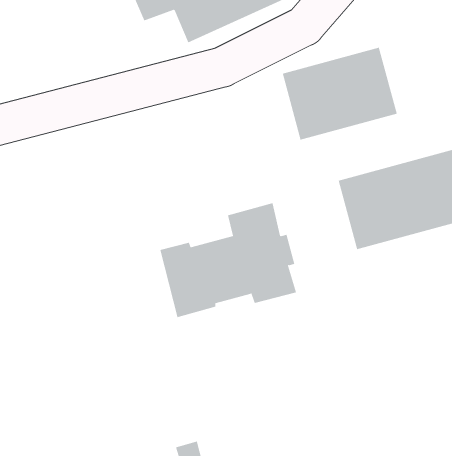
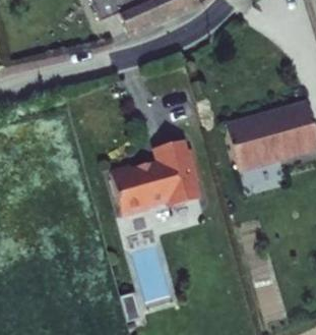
building: [282,47,397,140] -> none

